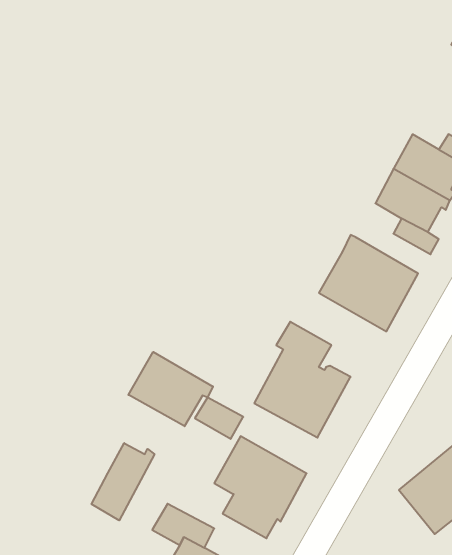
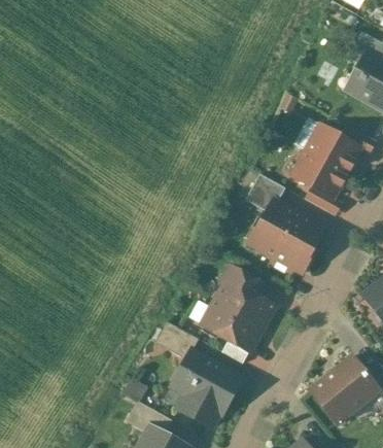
building: none -> [244,175,284,213]
building: [128,352,213,426] -> none
building: [92,443,154,520] -> none

